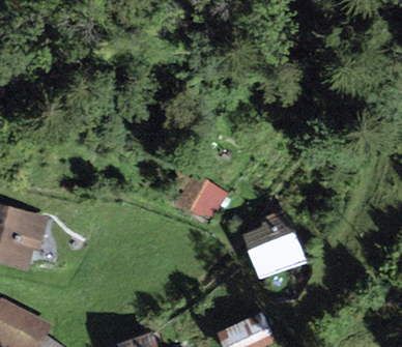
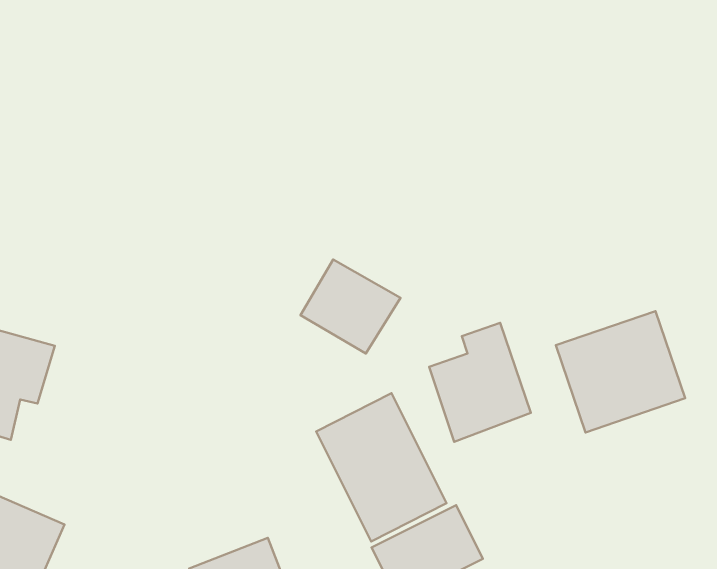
building: none -> [556,311,685,432]
building: none -> [316,393,447,541]

